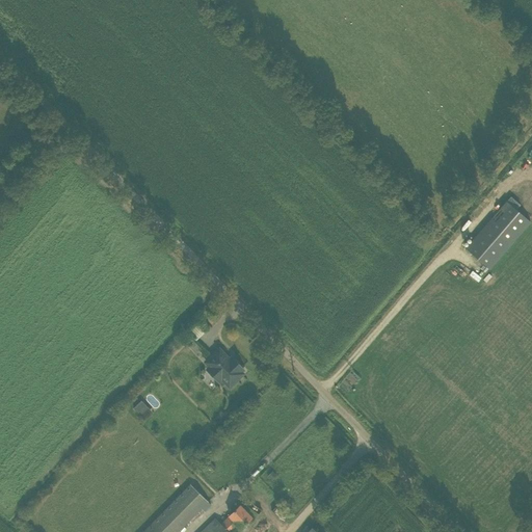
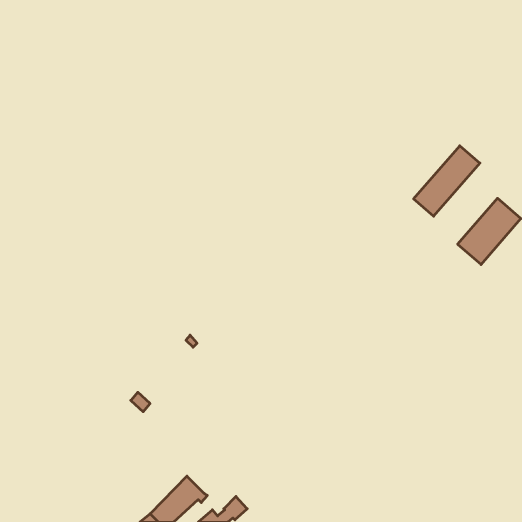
building: none -> [414,146,480,216]
building: [206,349,243,387] -> none

